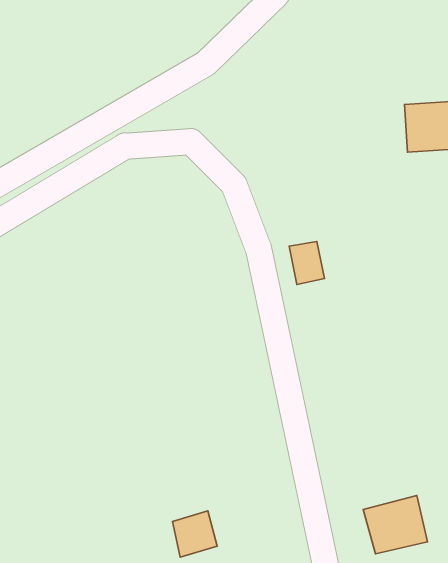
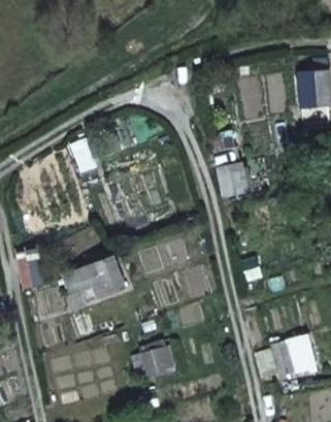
building: none -> [67,257,124,295]

